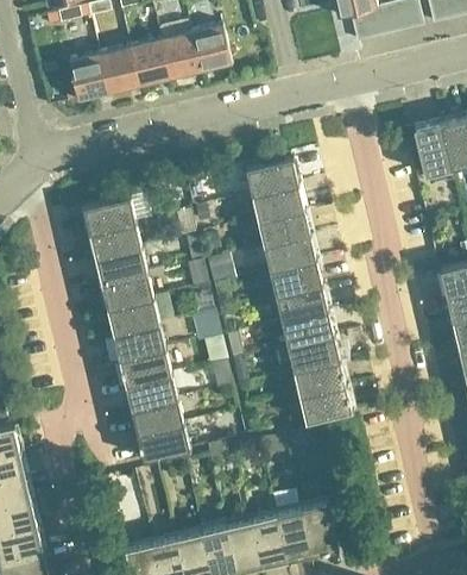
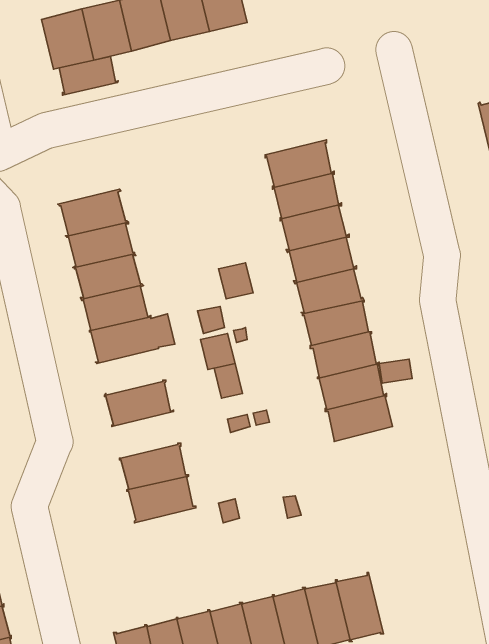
building: none -> [59,57,118,95]
building: [112,323,164,360] -> none
building: [124,373,176,410] -> none
building: [298,385,353,423] -> none

